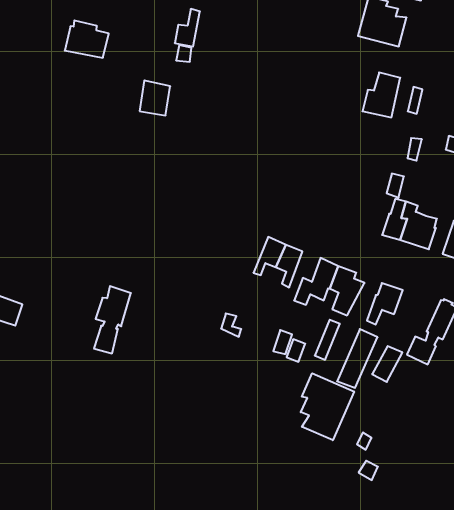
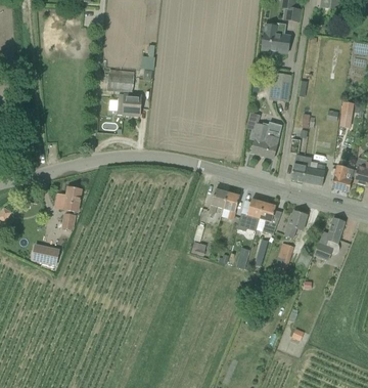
building: [65,20,109,58] -> [106,69,134,91]
building: none -> [246,111,280,157]
building: [94,286,131,353] -> [60,185,82,229]
building: [301,373,354,440] -> none

